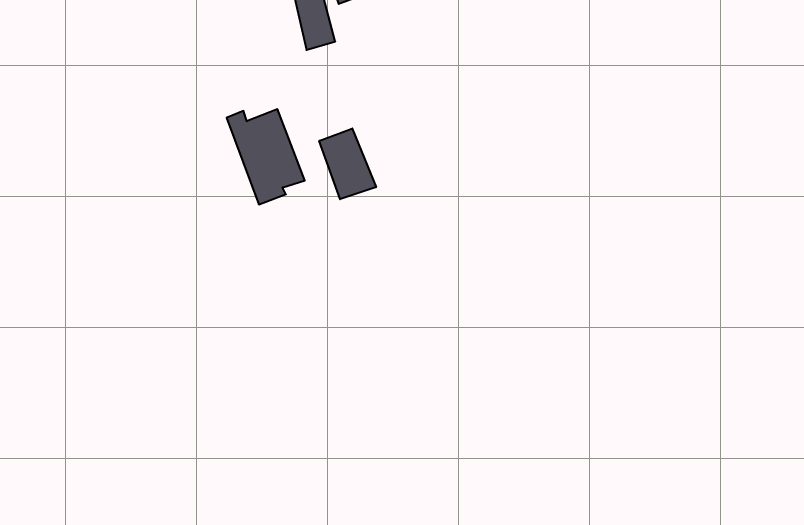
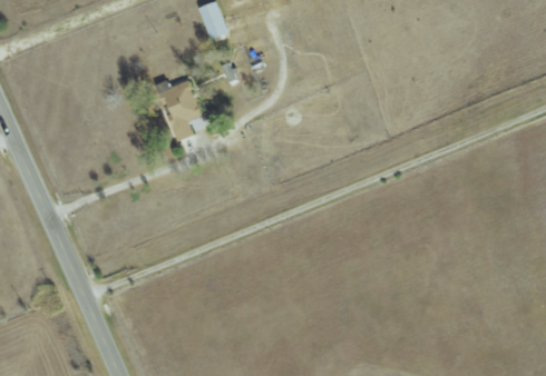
building: [319,128,376,199] -> none

